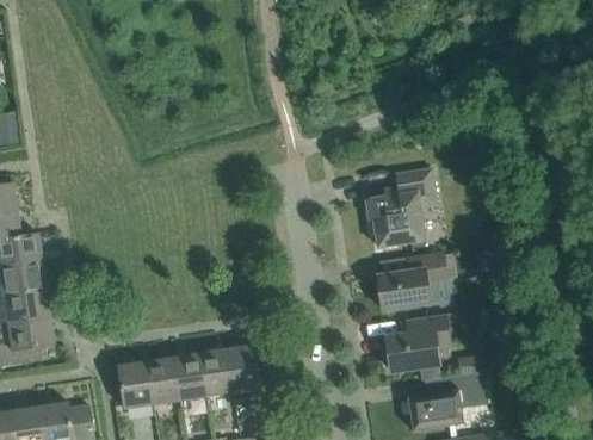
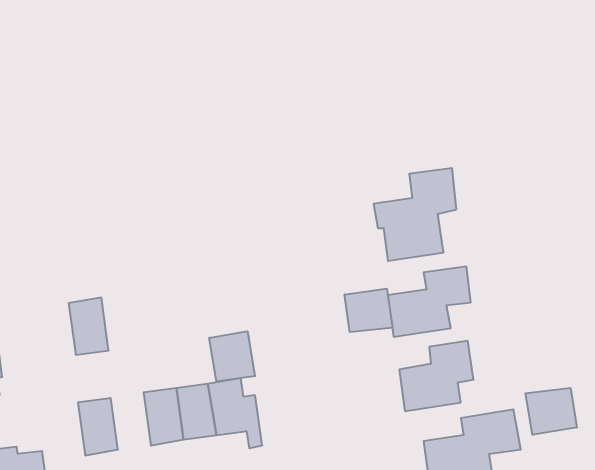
building: none -> [345,289,392,332]
building: none -> [209,331,255,382]
building: none -> [526,388,577,435]
building: [146,357,179,404] -> [69,298,109,355]

